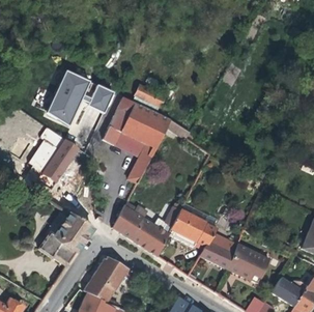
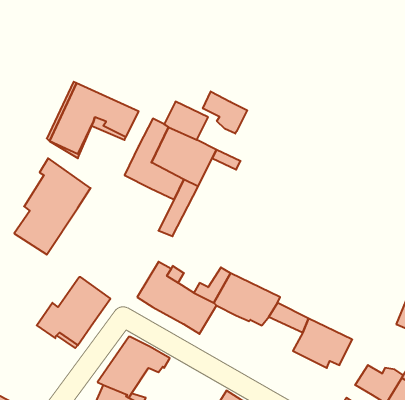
building: none -> [203,91,247,134]
building: [200,243,233,267] -> none

